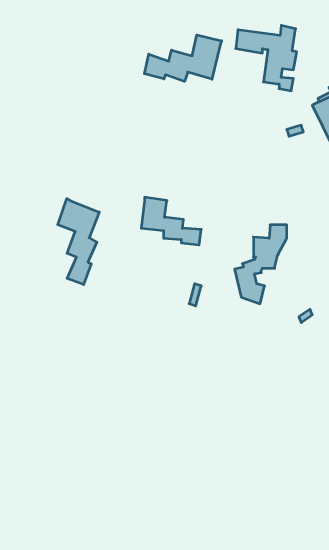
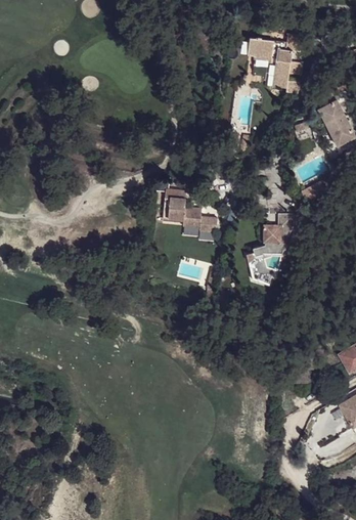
building: [144,35,222,81] -> none
building: [58,199,99,285] -> none

